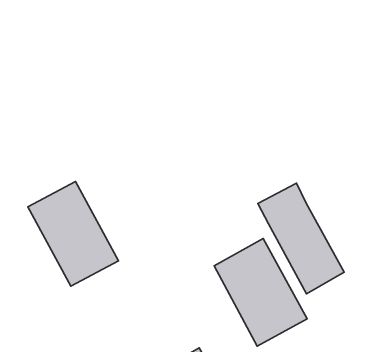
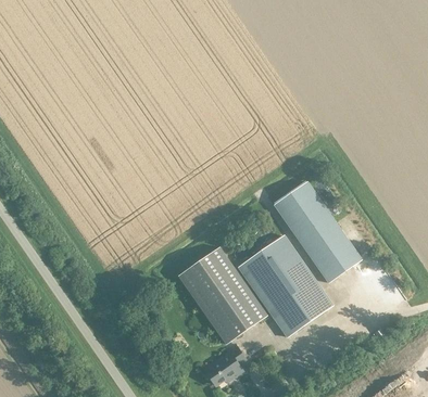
building: [28,182,118,286] -> [178,246,267,343]

